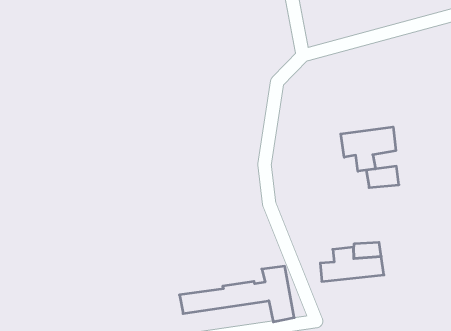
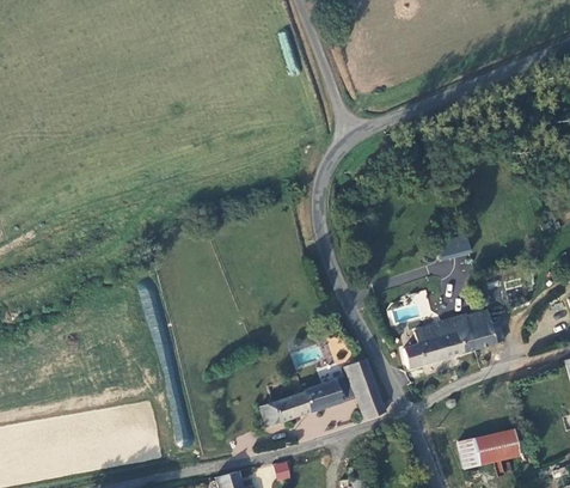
building: [341,127,396,171] -> none
building: none -> [461,309,504,349]

